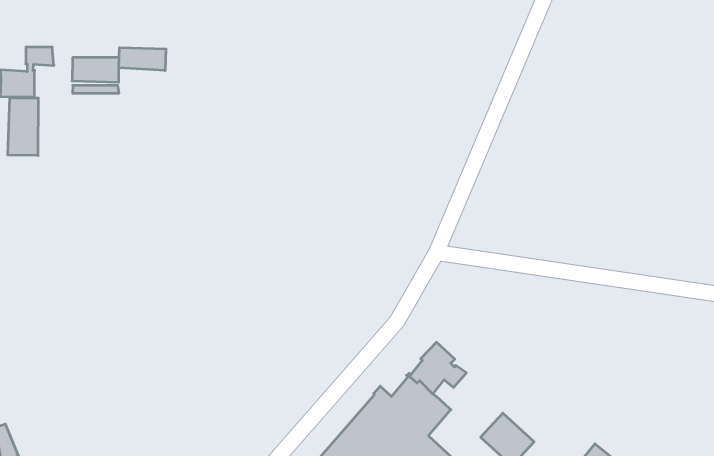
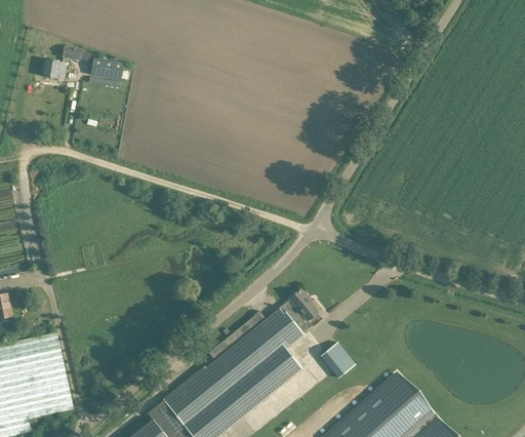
building: [119,48,166,71] -> none
building: [8,98,38,156] -> none

